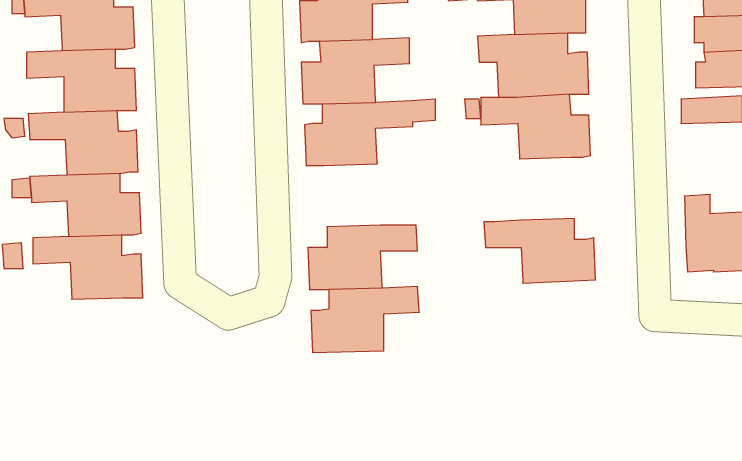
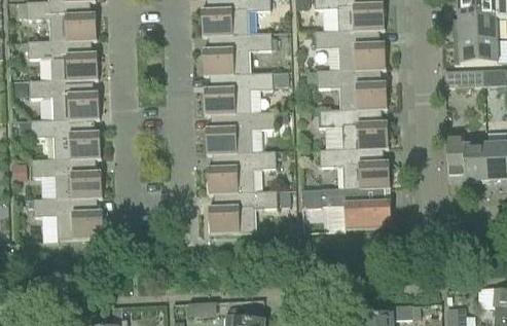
building: none -> [318,109,388,149]
building: none -> [206,112,287,154]
building: none -> [301,187,391,232]
building: none -> [33,198,103,243]

